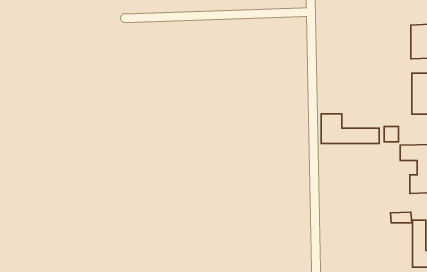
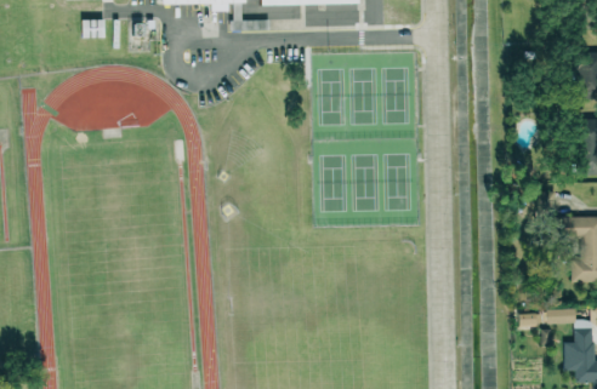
building: [321,114,379,144] -> none

